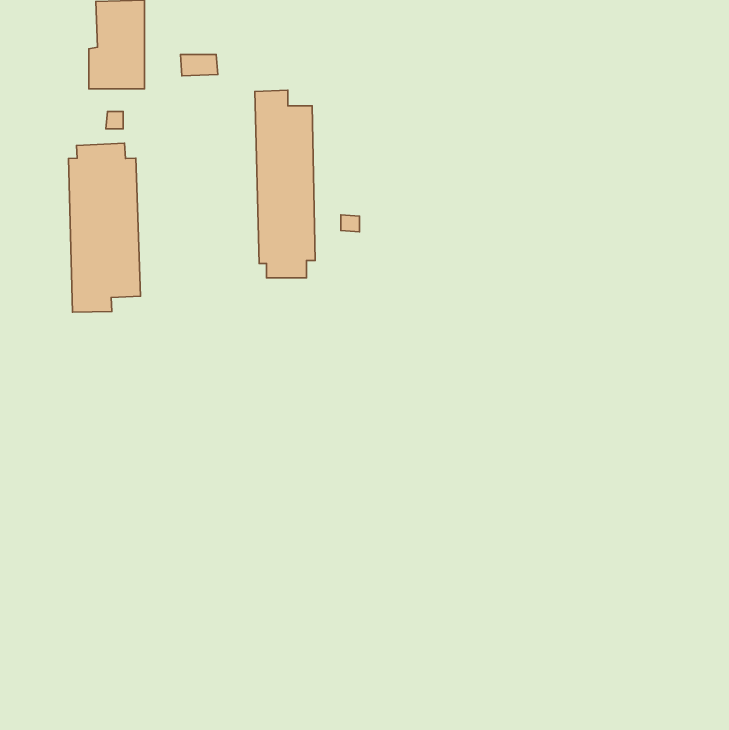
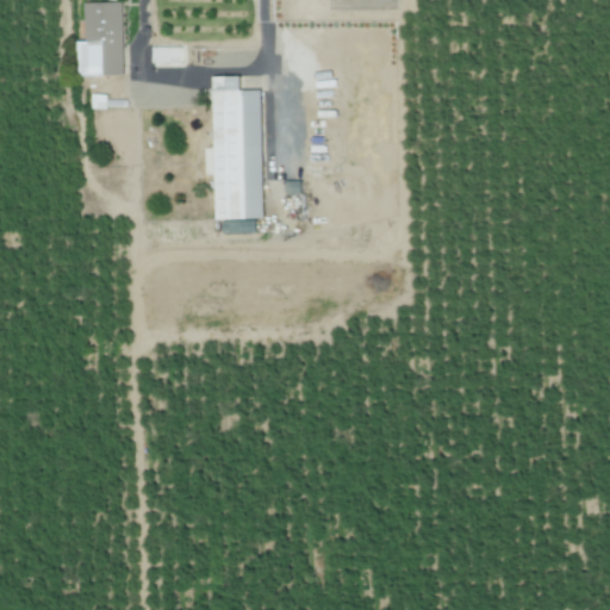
building: [69,143,140,312] -> none

